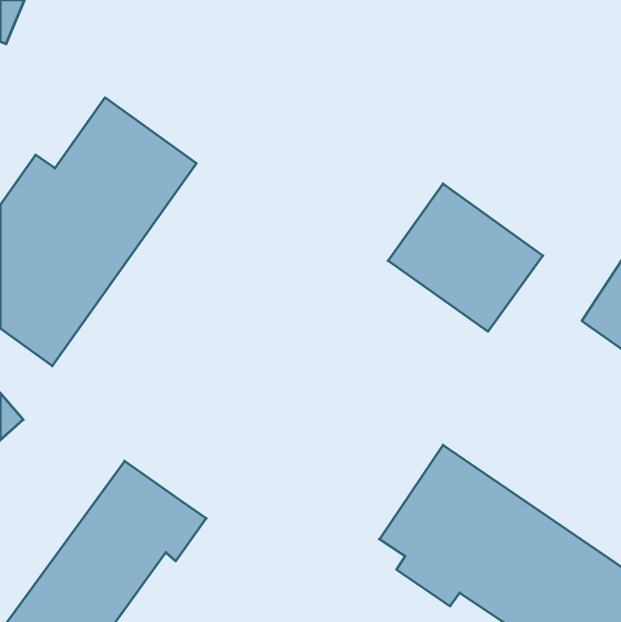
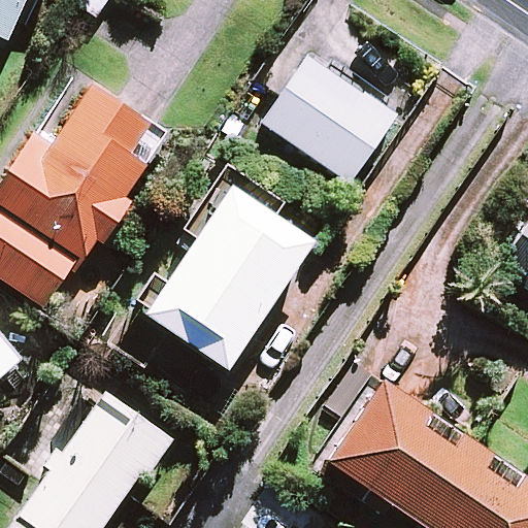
building: [388,184,543,331] -> [263,58,394,183]
building: none -> [146,168,317,365]

